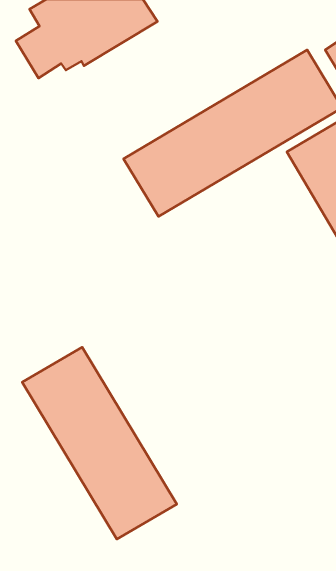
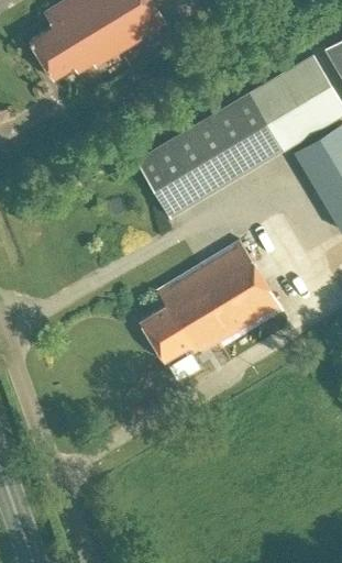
building: none -> [140,242,284,363]
building: [22,347,177,539] -> none

